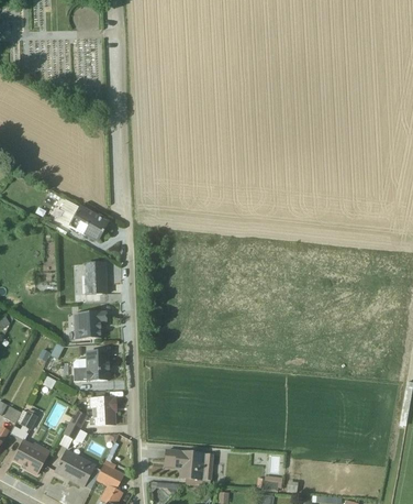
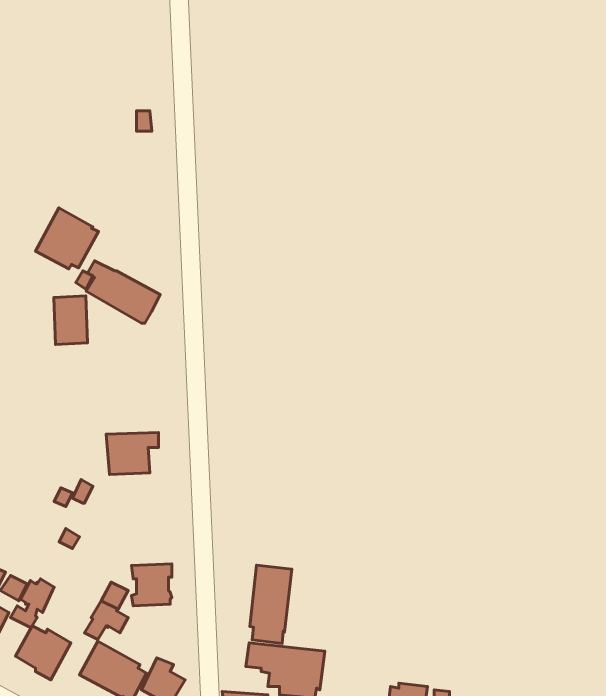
building: none -> [35,208,98,269]
building: [85,263,107,295] -> [54,296,87,345]
building: [74,352,109,382] -> none
building: none -> [250,565,292,644]

